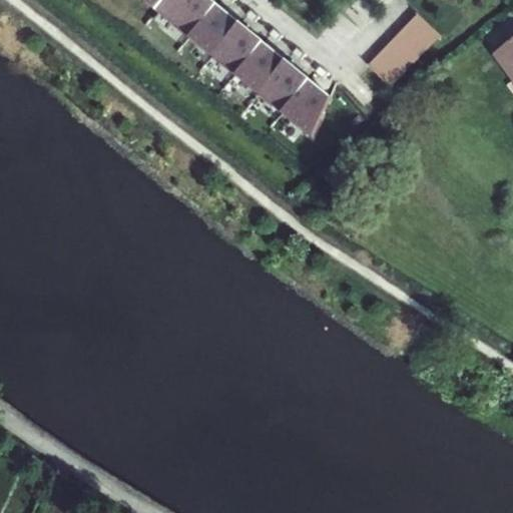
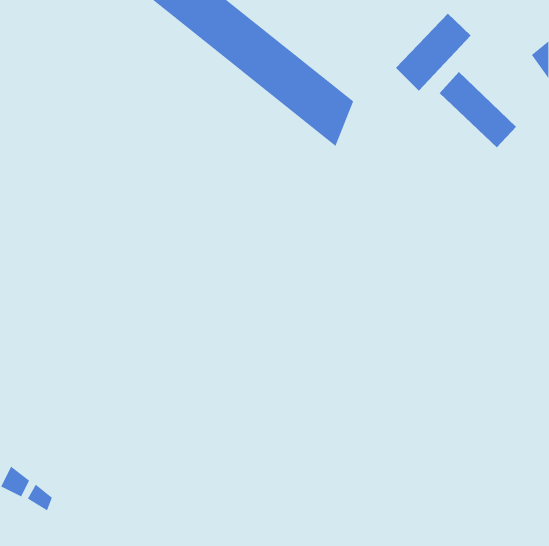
building: none -> [439,71,517,148]

